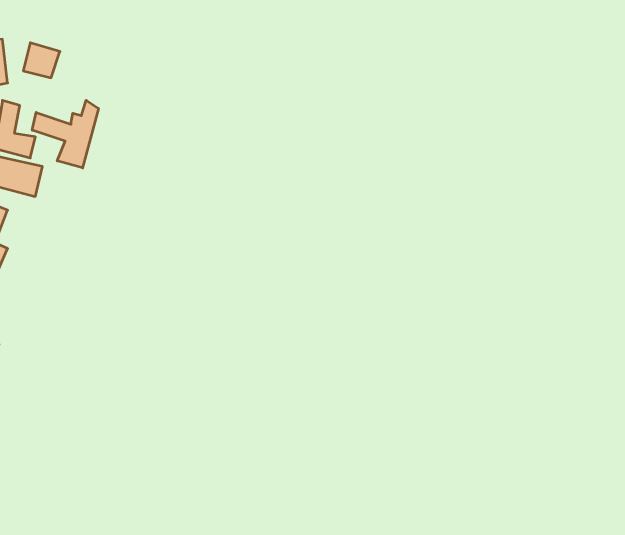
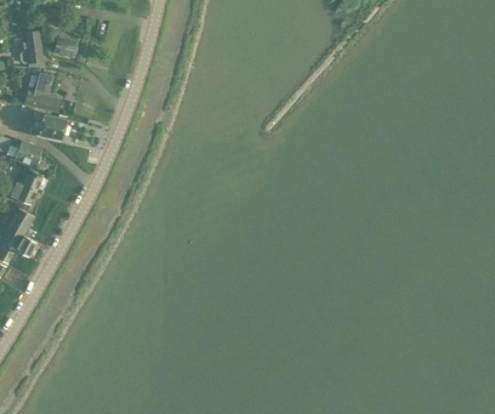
building: [32,100,98,168] -> none

